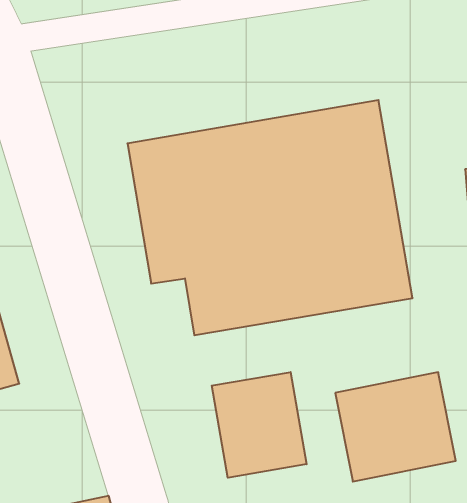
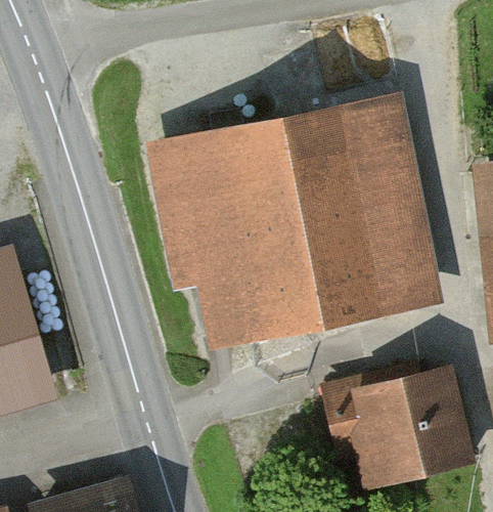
building: [212,372,307,478] -> none

